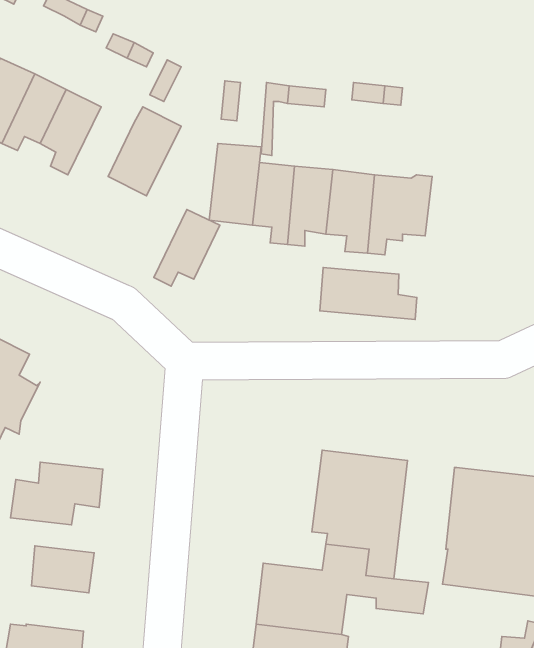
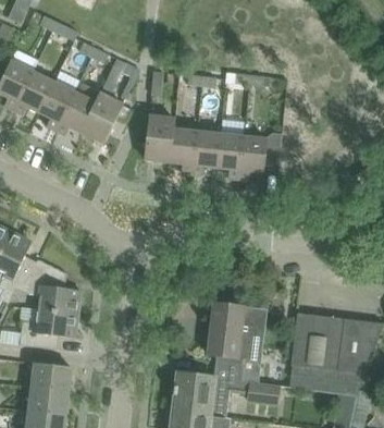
building: [154,210,220,286] -> [54,88,96,136]
building: [320,267,417,319] -> none
building: none -> [24,260,79,315]
building: none -> [28,388,67,416]

